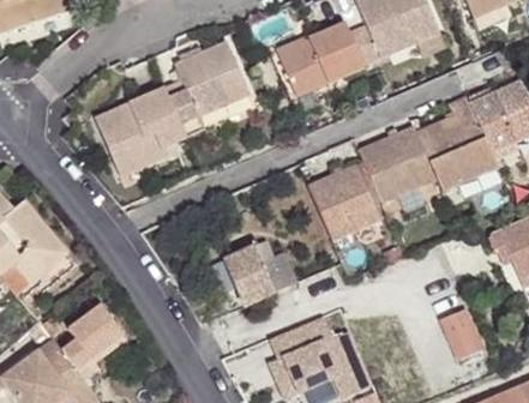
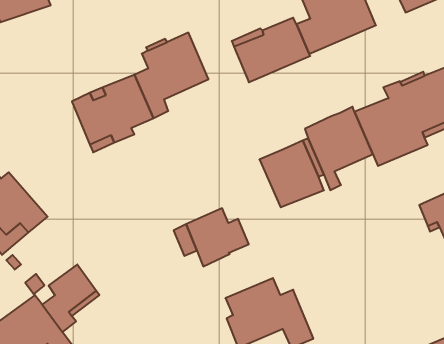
building: [439,308,481,360] -> none

